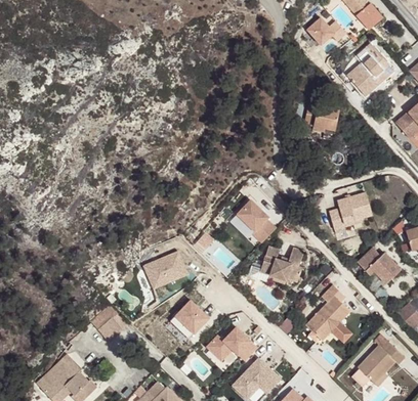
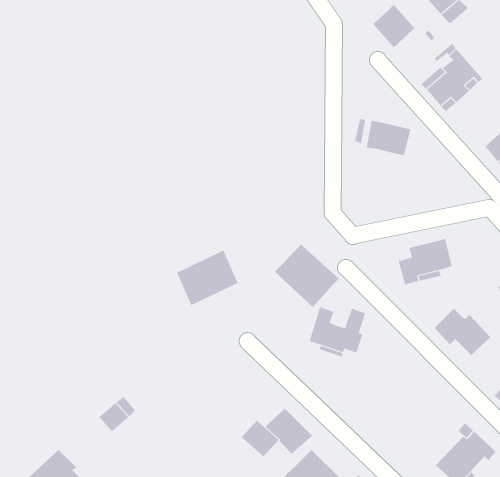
building: [145,248,194,291] -> [176,250,239,306]
building: [305,284,351,343] -> none
building: [172,297,217,338] -> none

